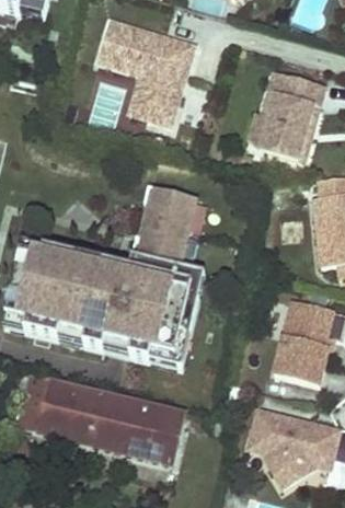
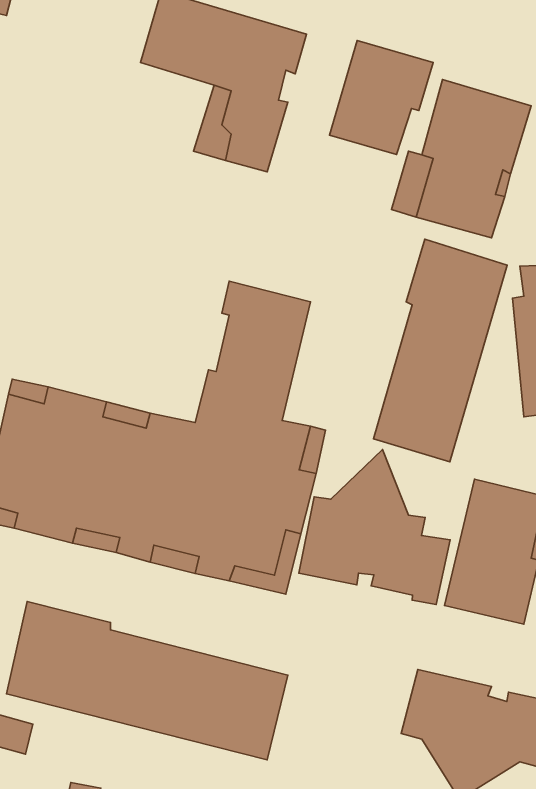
building: none -> [329,40,433,154]
building: none -> [373,239,507,462]
building: none -> [299,450,450,604]

